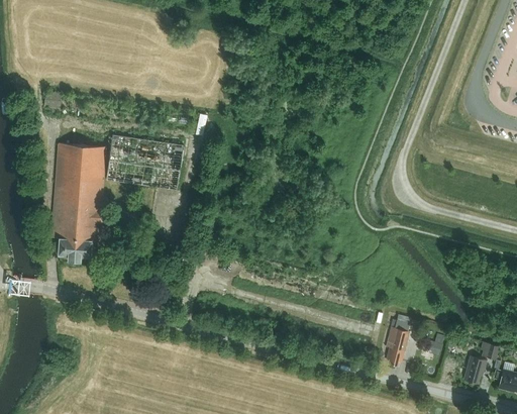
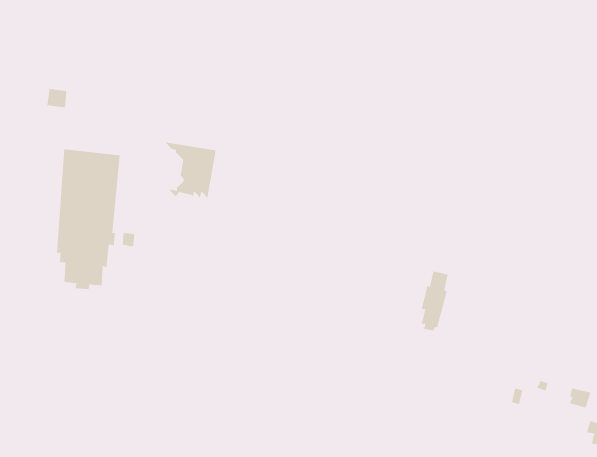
building: [386,314,409,365] -> [421,271,449,331]
building: [462,355,485,383] -> none

